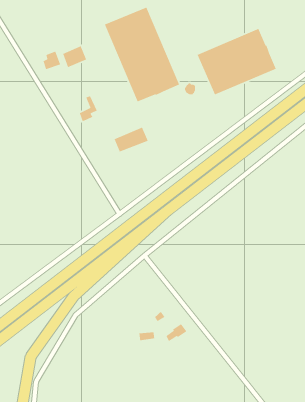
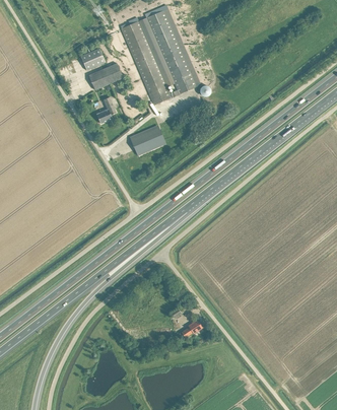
building: [196,28,277,96] -> none
building: none -> [89,62,124,89]

